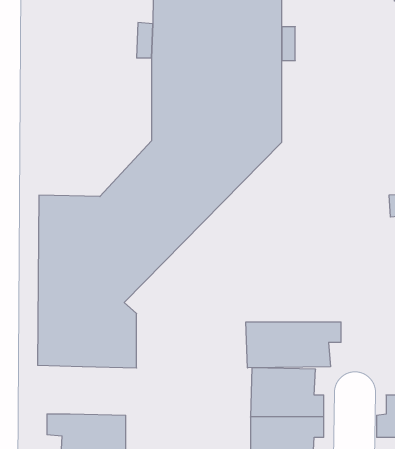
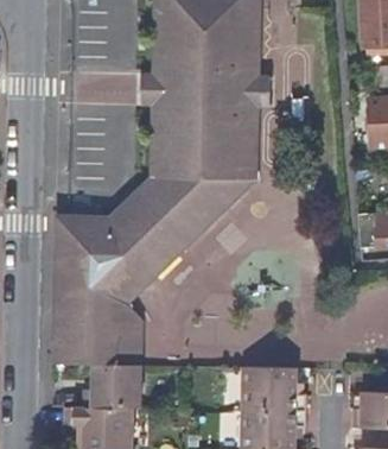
building: [246,322,341,368] -> none
building: none -> [83,366,141,410]

